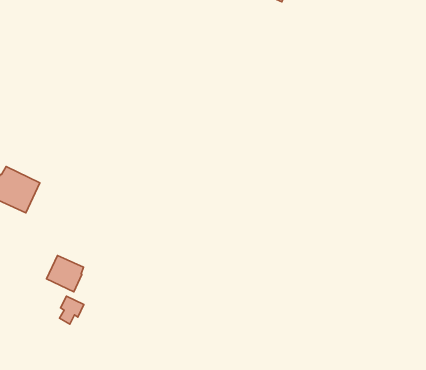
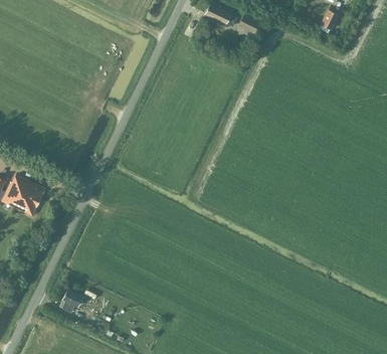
building: [47,255,84,292] -> none

